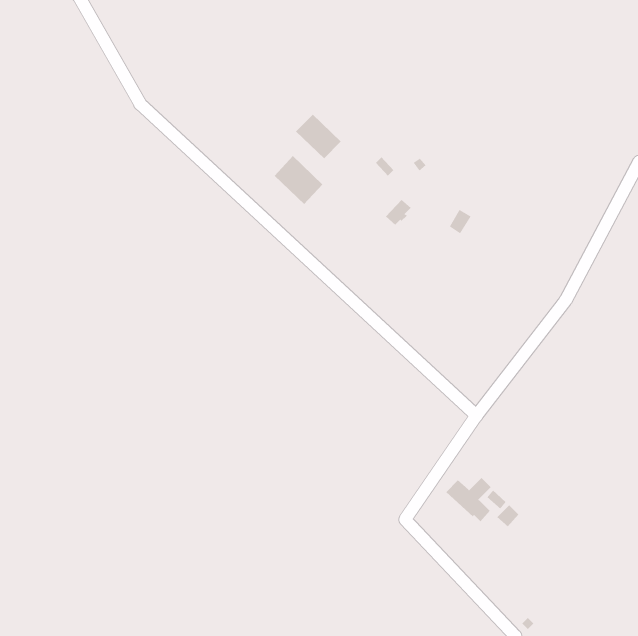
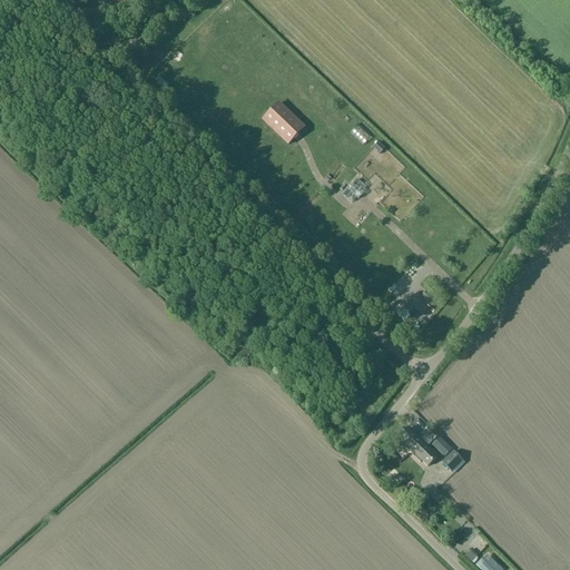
building: [274,155,323,205] -> none

